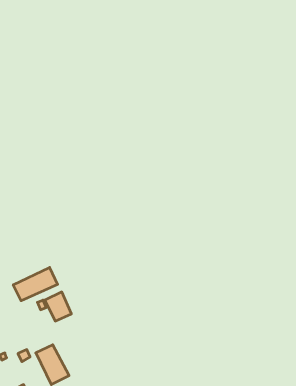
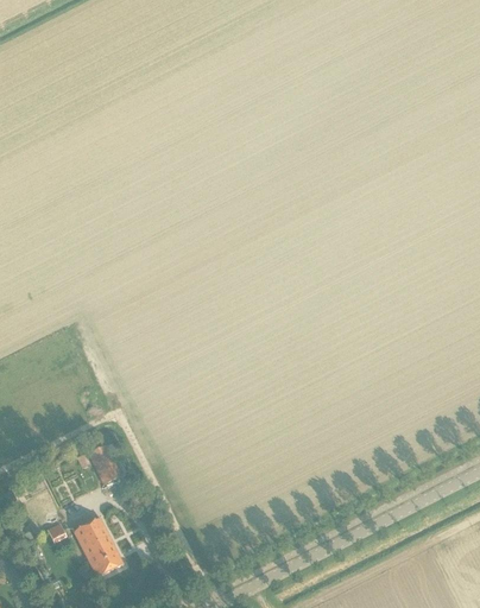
building: [13,267,58,301] -> none

